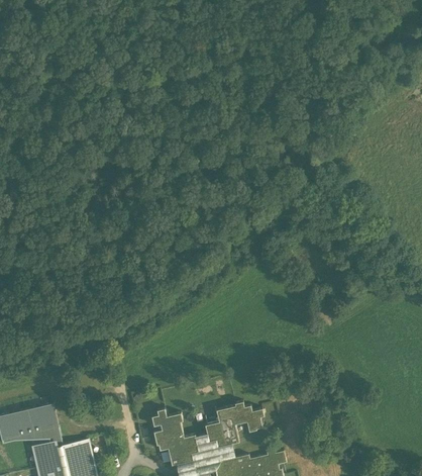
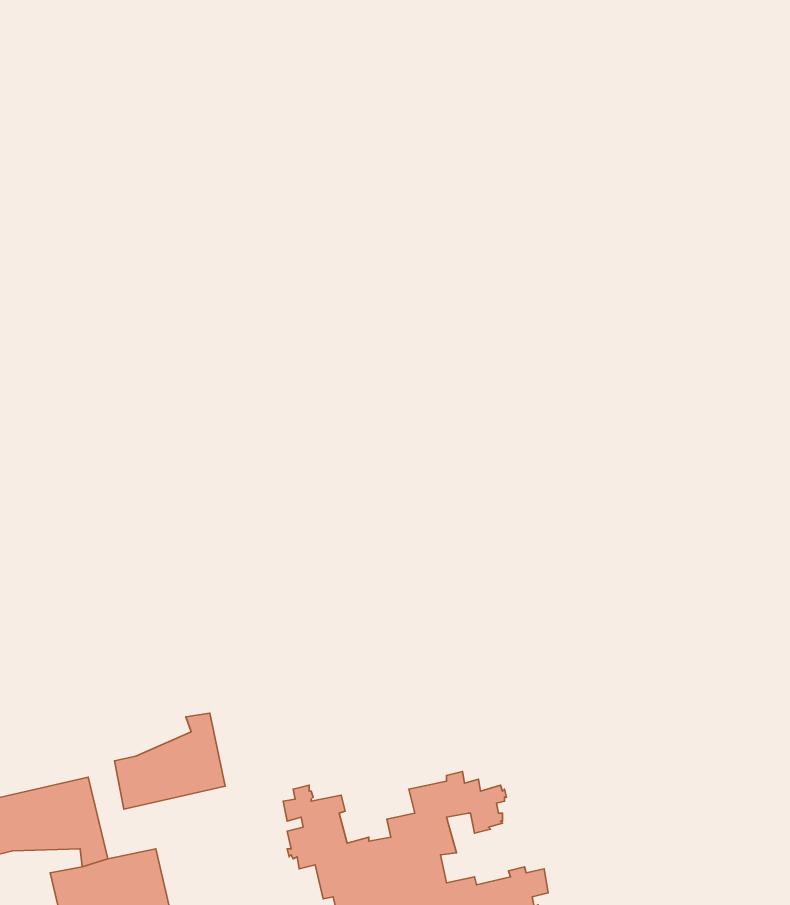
building: none -> [114,713,225,809]

